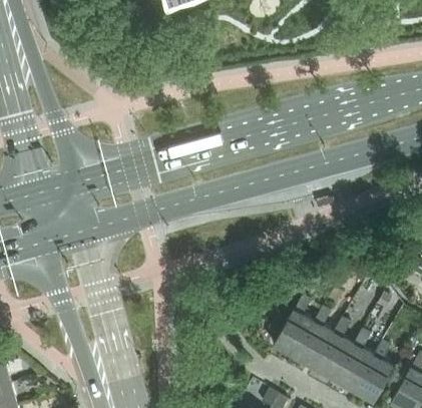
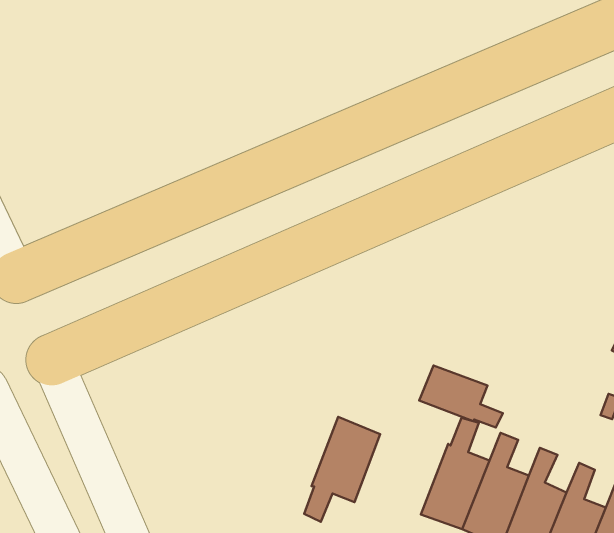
building: none -> [419,365,503,427]
building: none -> [304,417,380,522]

